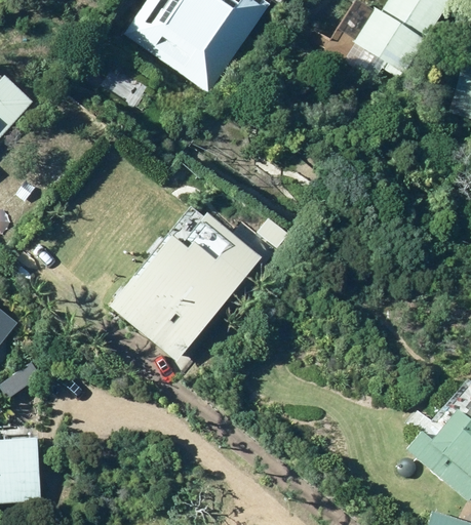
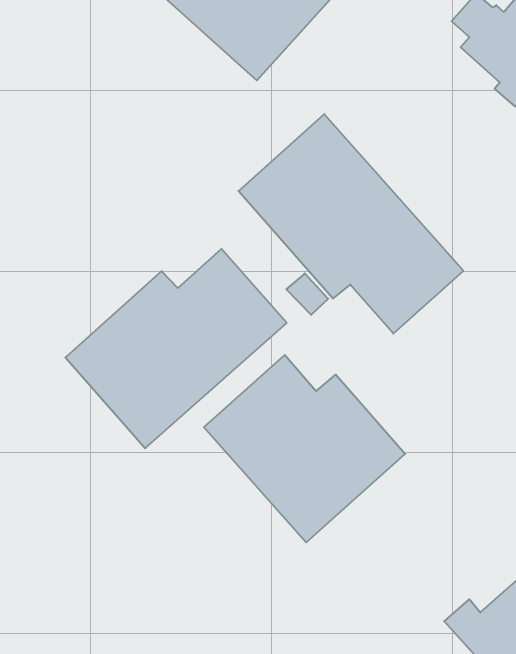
building: none -> [238,114,463,334]
building: none -> [204,355,405,542]

